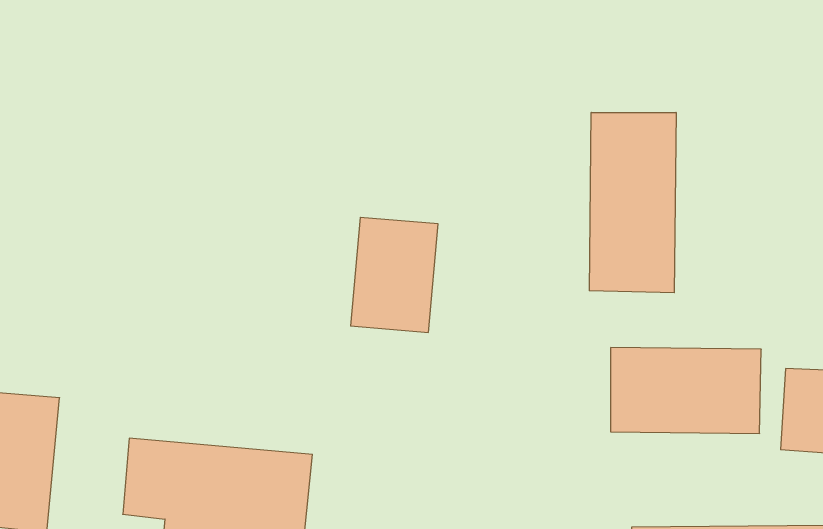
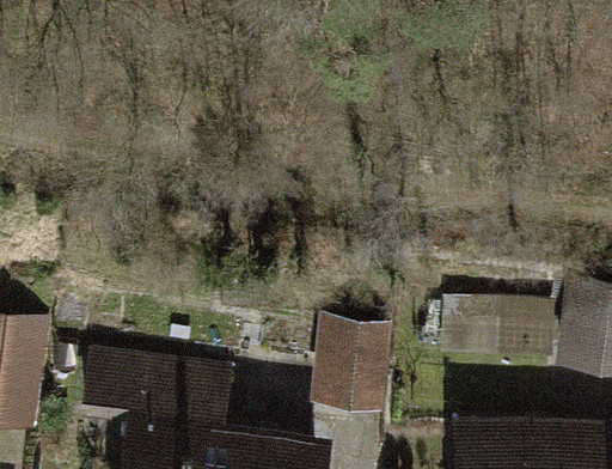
building: [589,112,676,293] -> none
building: [351,217,438,332] -> [323,317,387,402]

